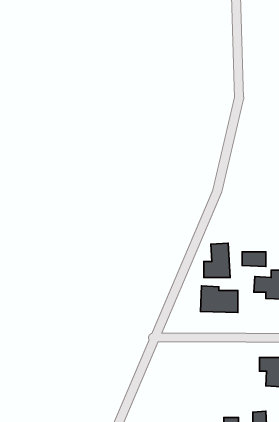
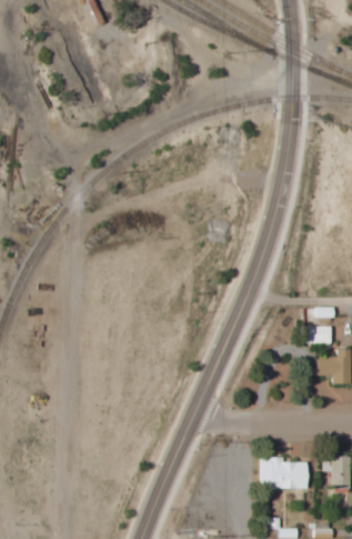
building: [204,243,230,277] -> none
building: [201,286,238,312] -> [260,457,305,489]

